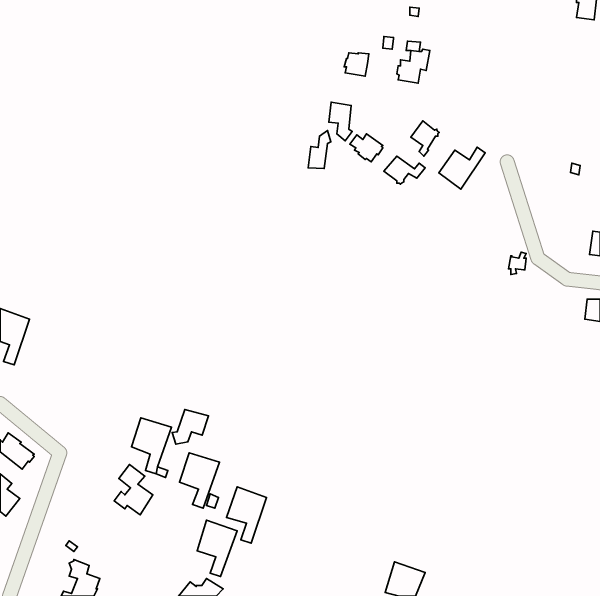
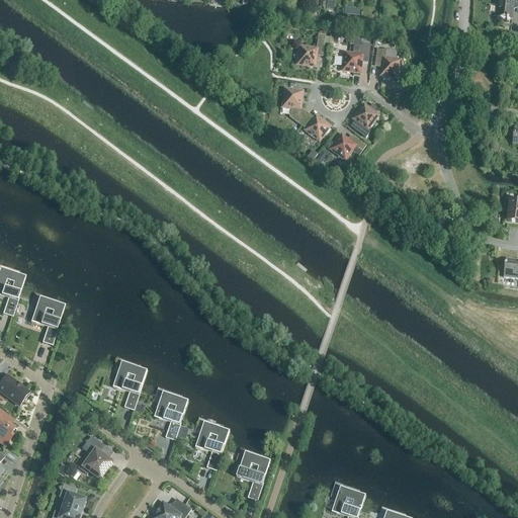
building: none -> [375,49,401,77]
building: [308,131,331,169] -> none
building: [439,147,485,189] -> none
building: none -> [30,295,65,343]
building: [172,410,208,444] -> none
building: [114,464,153,515] -> [79,435,112,479]
building: [197,520,237,577] -> [237,450,271,499]

